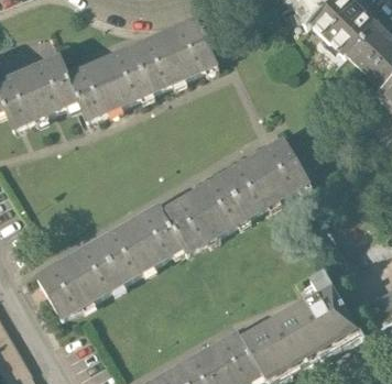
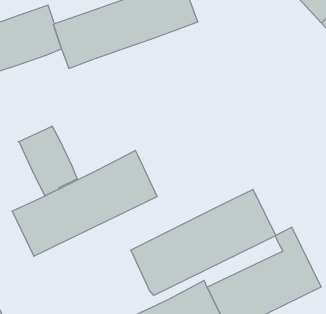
building: [164,134,313,250] -> [131,189,276,295]
building: none -> [18,126,77,196]

